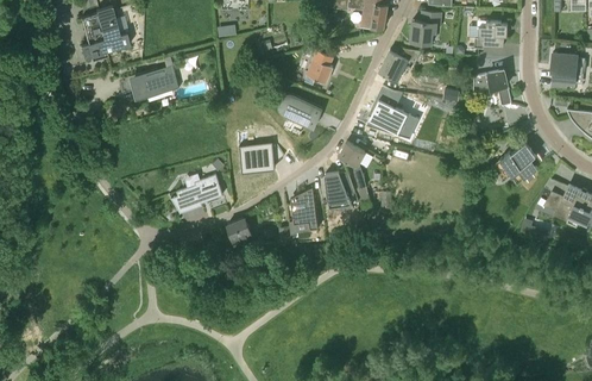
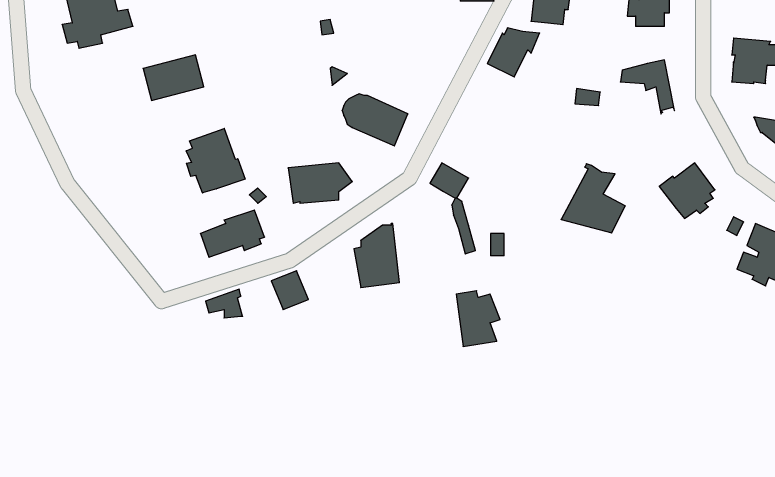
building: [306,50,332,87] -> none
building: [364,86,409,135] -> [561,164,625,233]
building: none -> [186,128,245,193]
building: [323,171,354,211] -> [456,291,500,346]

